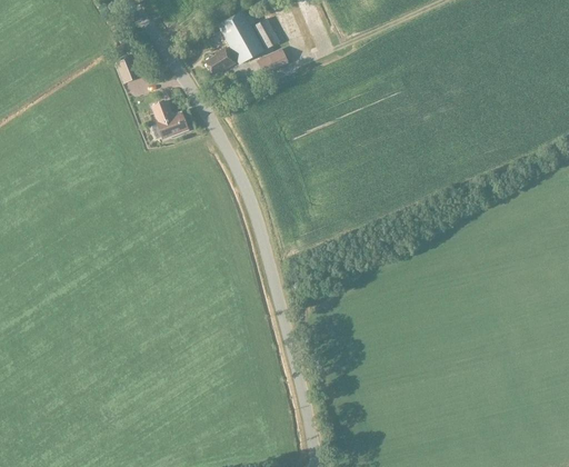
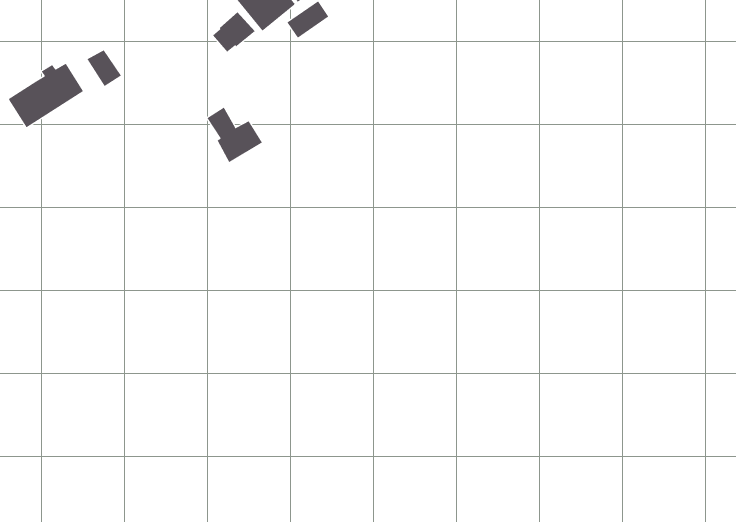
building: none -> [7,63,84,128]
building: [153,99,189,138] -> [207,107,263,163]

